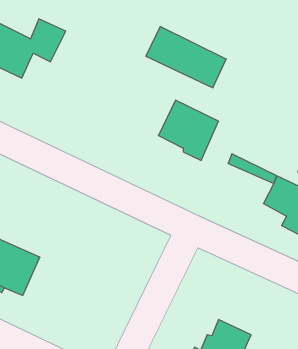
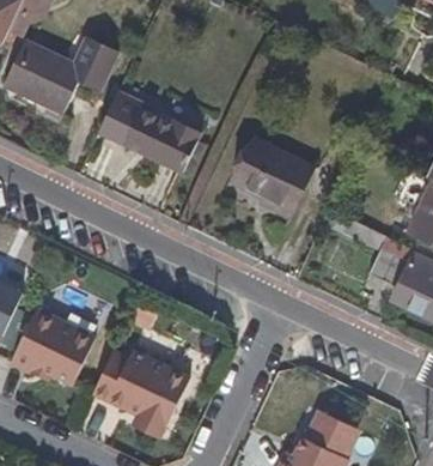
building: [146,27,226,88] -> [100,95,201,171]
building: none -> [87,347,185,431]

